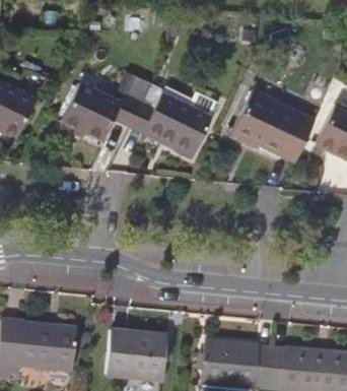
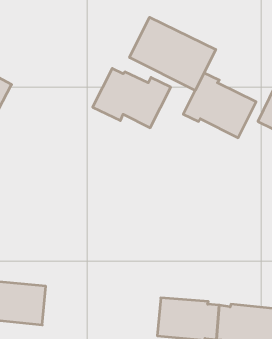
building: none -> [130,17,216,91]
building: [60,74,151,139] -> none
building: [107,332,166,380] -> none

